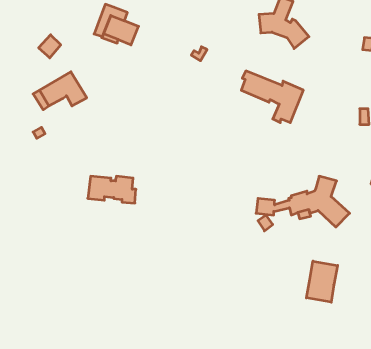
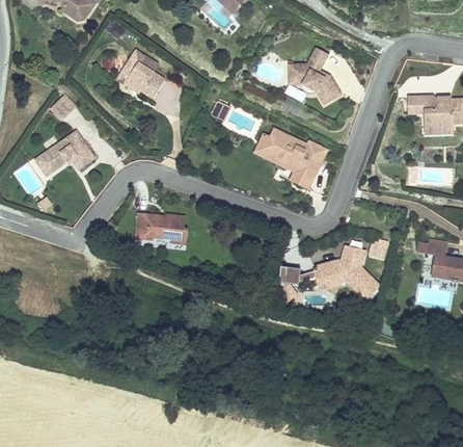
building: none -> [257,131,314,170]
building: [88,176,136,203] -> [143,213,197,243]
building: [306,261,338,302] -> none

